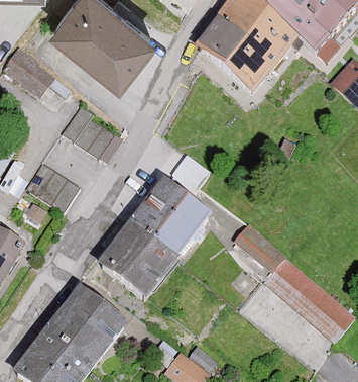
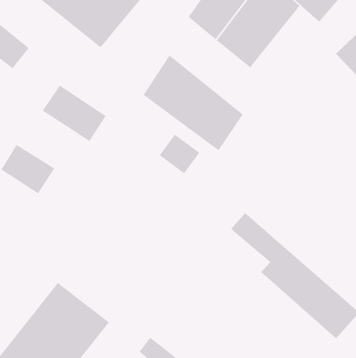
building: none -> [143,55,244,151]
building: [96,182,211,305] -> none

